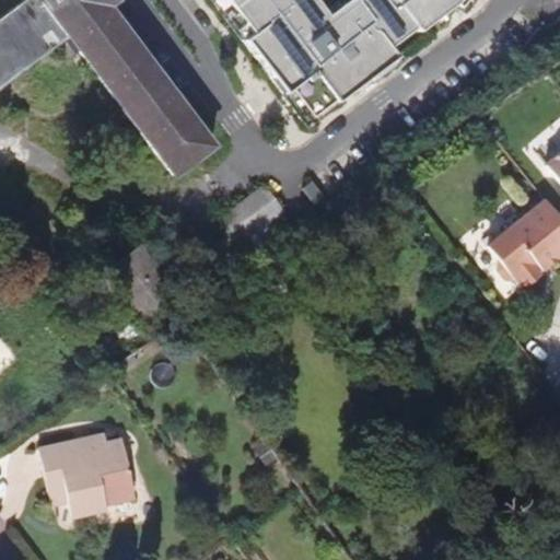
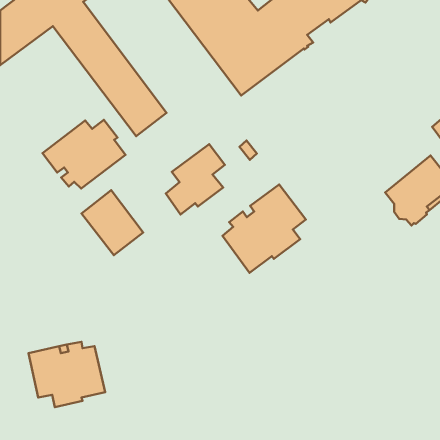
building: none -> [43,120,125,189]
building: none -> [222,185,306,273]

